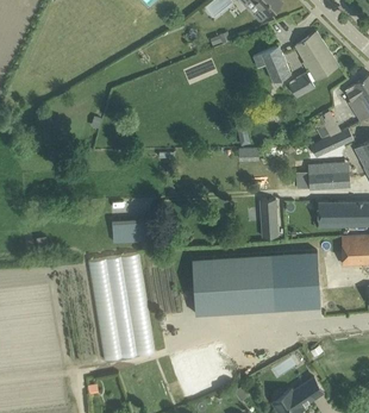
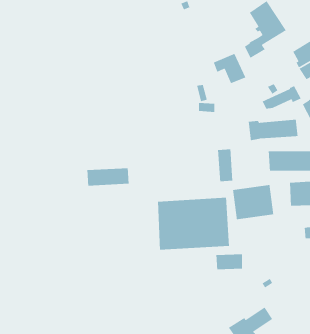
building: [252,46,290,82] -> [213,53,246,84]
building: [88,252,154,359] -> none
building: [292,293,323,312] -> [215,253,243,270]

